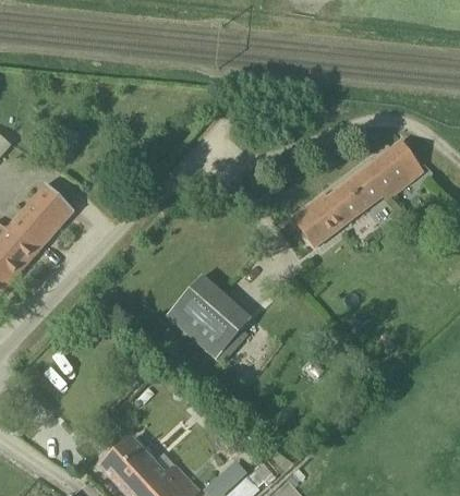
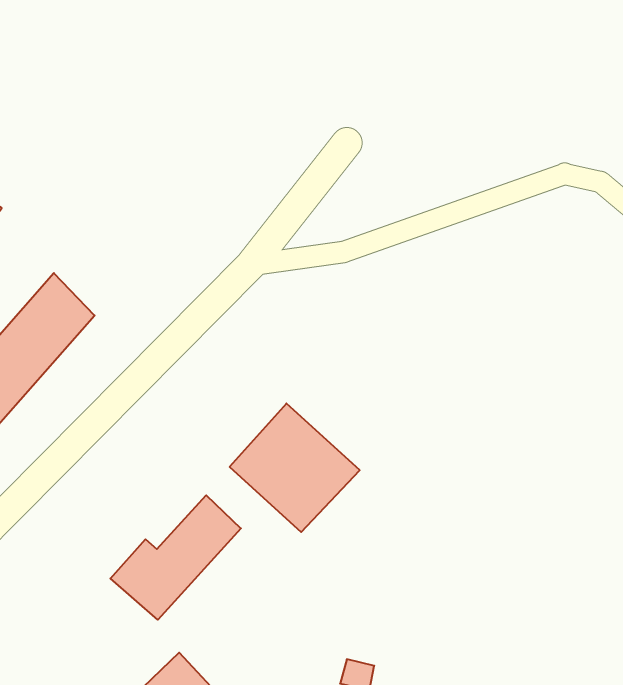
building: [292,141,421,246] -> none
building: none -> [110,495,241,620]

